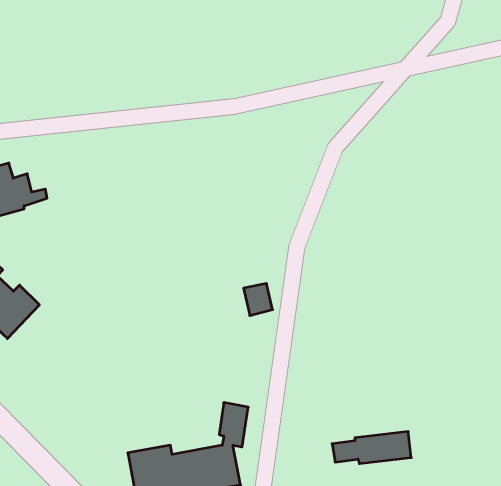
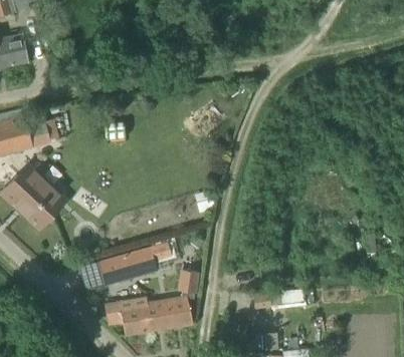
building: none -> [99,242,173,283]

